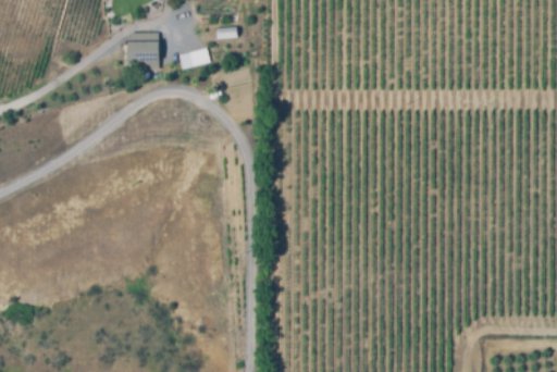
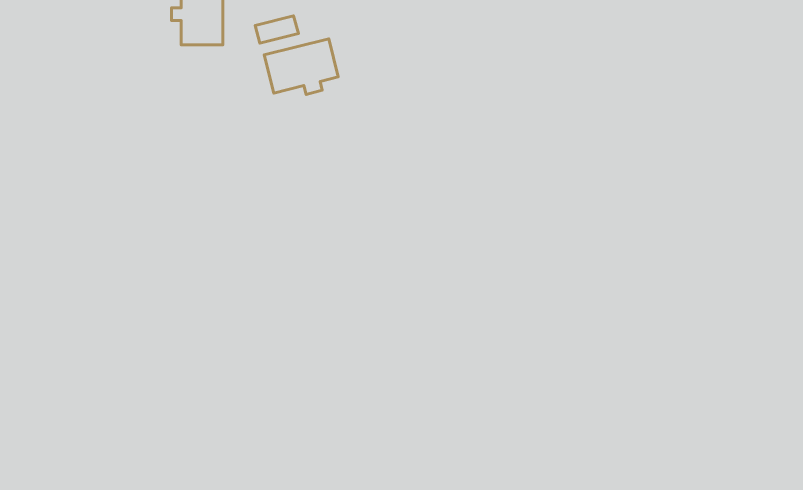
building: none -> [264,39,338,94]

